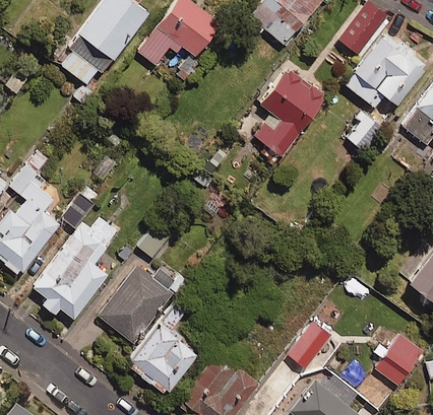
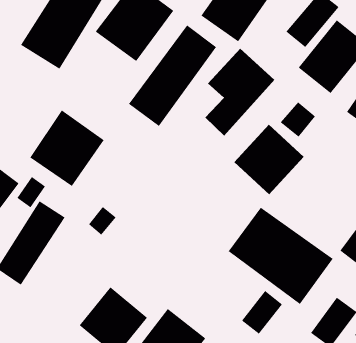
building: none -> [128,25,217,127]
building: none -> [30,110,105,187]
building: none -> [233,124,305,195]
building: none -> [228,207,334,305]
building: [98,262,170,337] -> none

